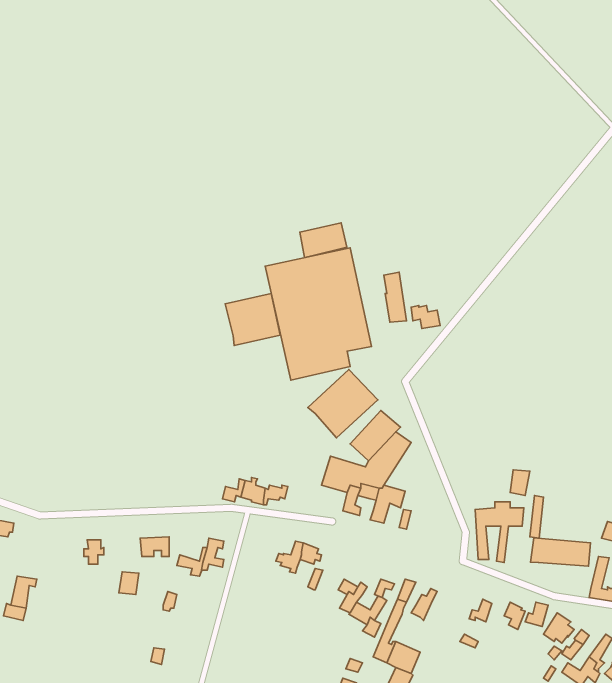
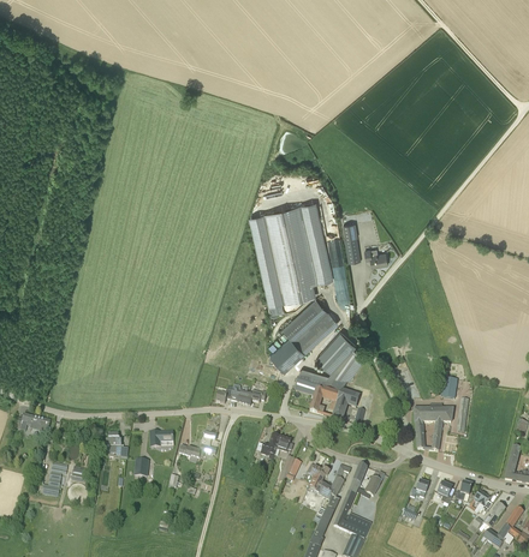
building: [300,223,347,258] -> none
building: [225,293,280,346] -> none
building: none -> [267,333,304,370]
building: [530,538,591,566] -> none

